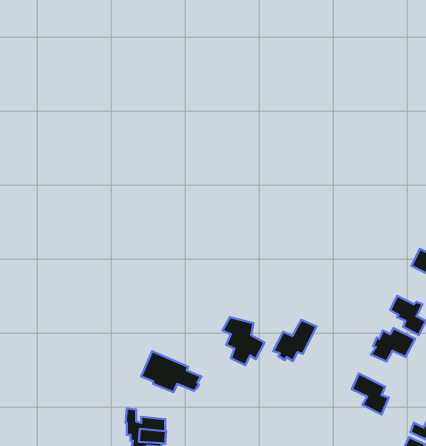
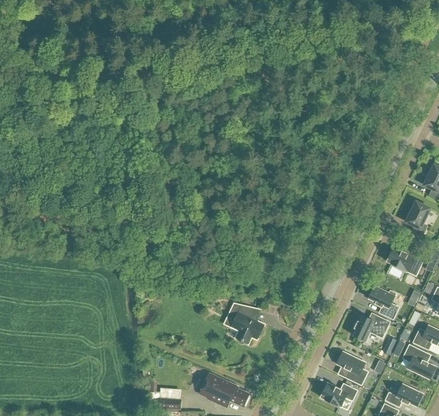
building: [273,320,316,361] -> none
building: [141,351,201,392] -> [200,373,250,407]
building: none -> [321,383,357,407]

